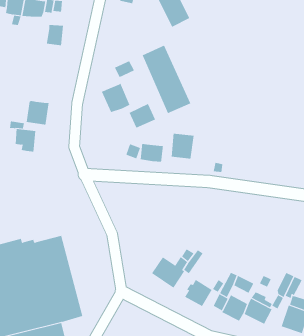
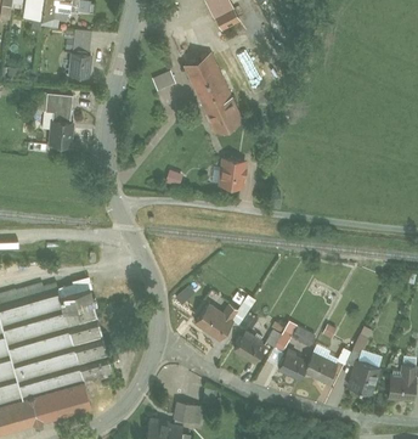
building: none -> [67,52,92,78]
building: [101,83,130,113] -> none
building: [129,103,156,129] -> none
building: [15,129,36,152] -> [45,94,70,122]
building: [140,143,164,163] -> none

